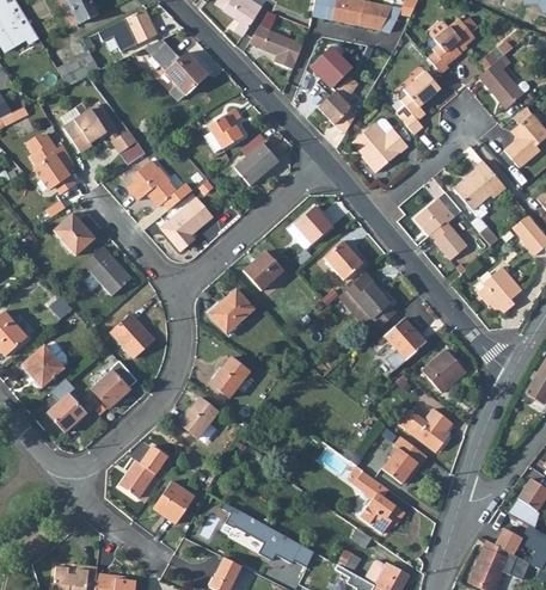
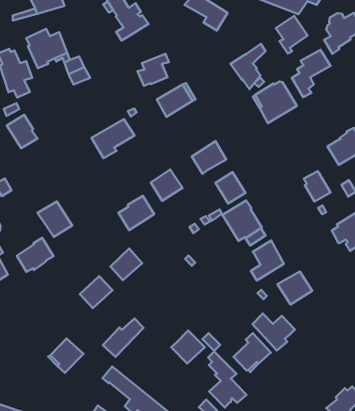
building: [309,47,350,94] -> [276,16,307,53]
building: [127,160,176,205] -> none
building: [413,191,461,235] -> none
building: [78,246,130,295] -> none
building: none -> [171,330,205,364]
building: [119,445,166,497] -> [103,319,143,357]

